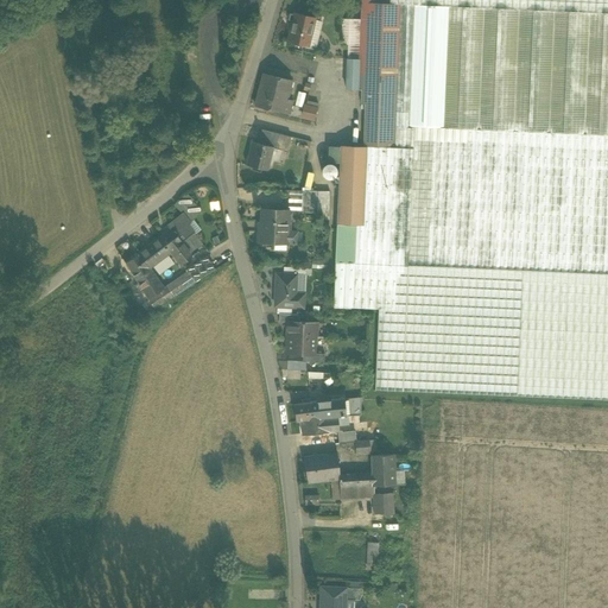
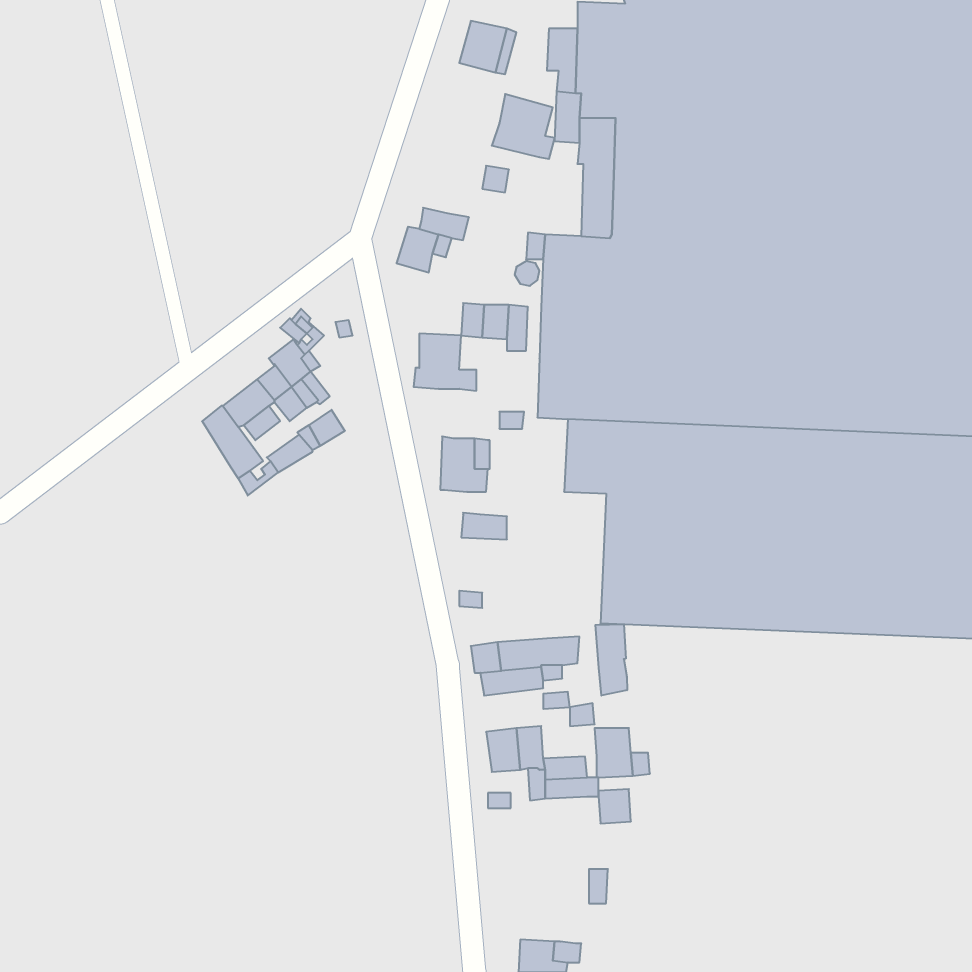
building: [255,72,294,113] -> [492,94,555,159]
building: [334,260,355,306] -> none
building: [287,335,317,354] -> none
building: none -> [595,624,627,696]

